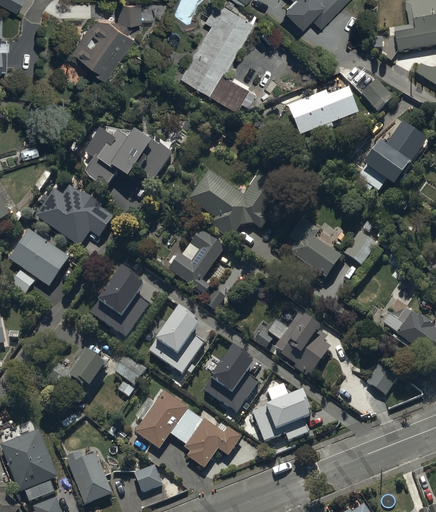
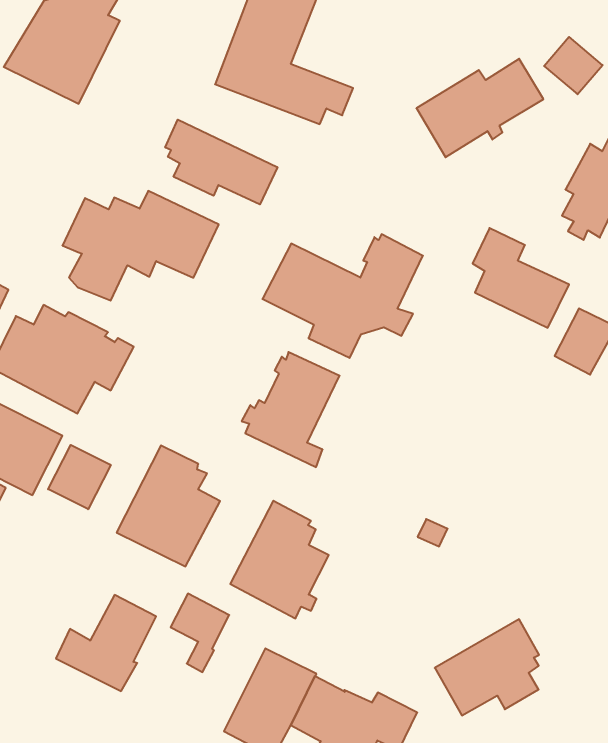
building: none -> [165,120,277,204]
building: [289,217,341,276] -> [473,228,569,328]
building: none -> [48,445,111,509]
building: [271,312,331,375] -> none
building: [205,347,258,412] -> none

